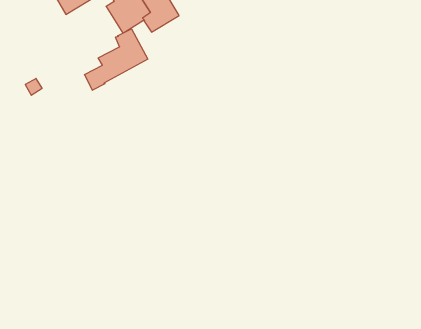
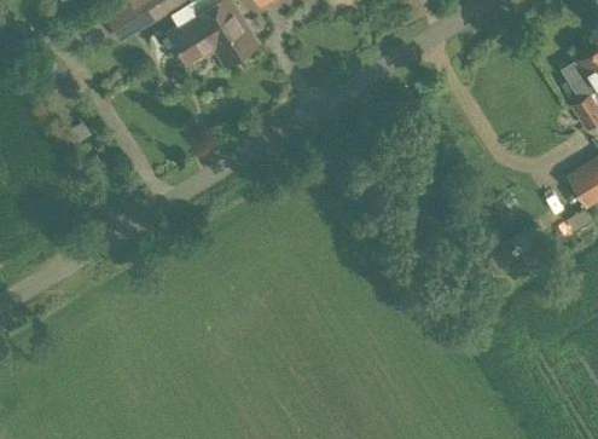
building: [85,29,148,90] -> none

